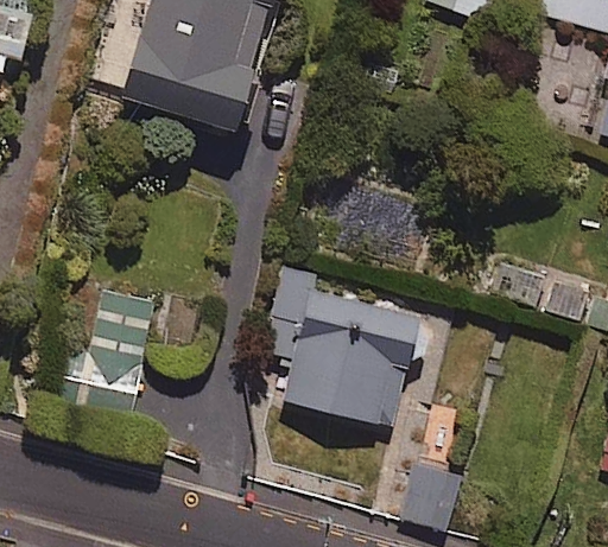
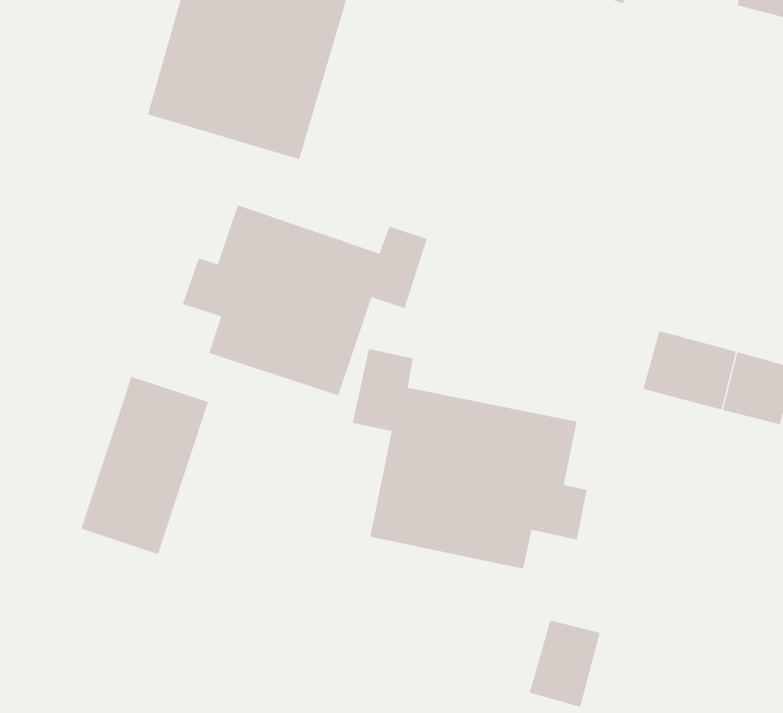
building: none -> [182,205,427,396]

